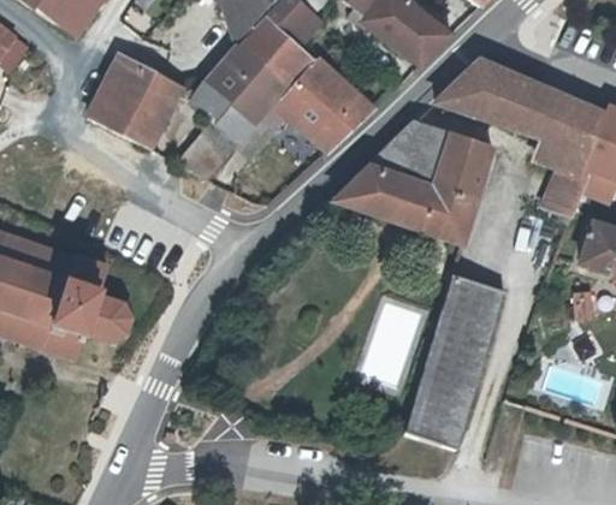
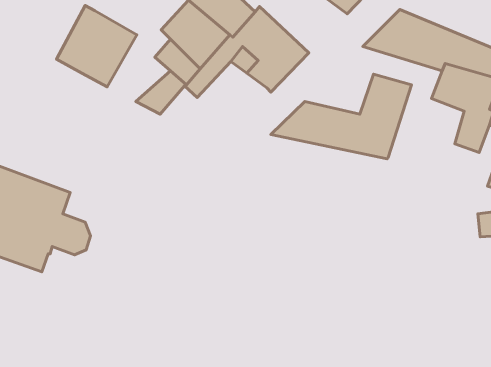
building: [371,125,449,179] -> none
building: [402,261,508,451] -> none

